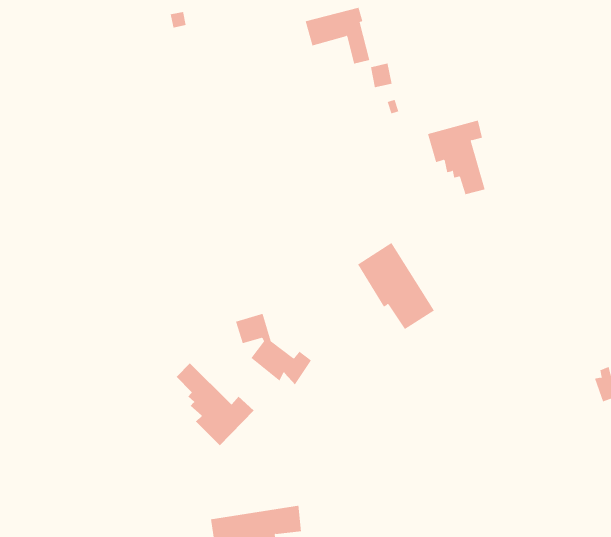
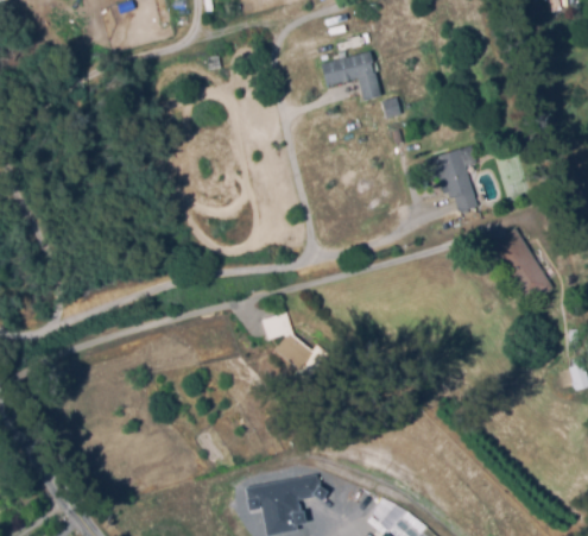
building: [357,242,435,330] -> [487,231,554,305]
building: [176,362,254,446] -> none

